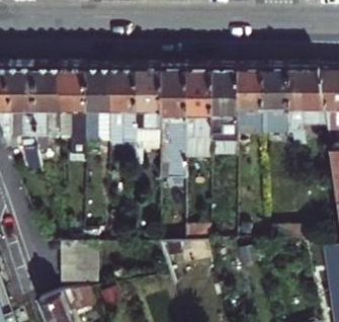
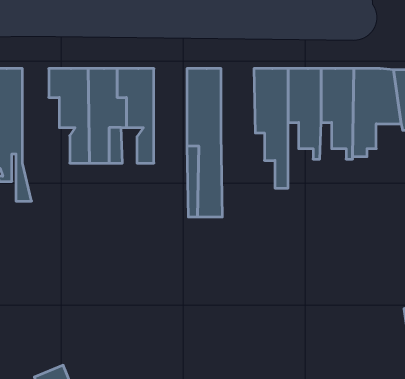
building: [33,66,62,139] -> none
building: [135,66,160,139] -> none
building: [186,66,213,141] -> none
building: [63,240,99,280] -> none

